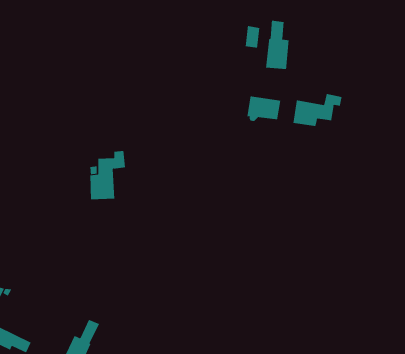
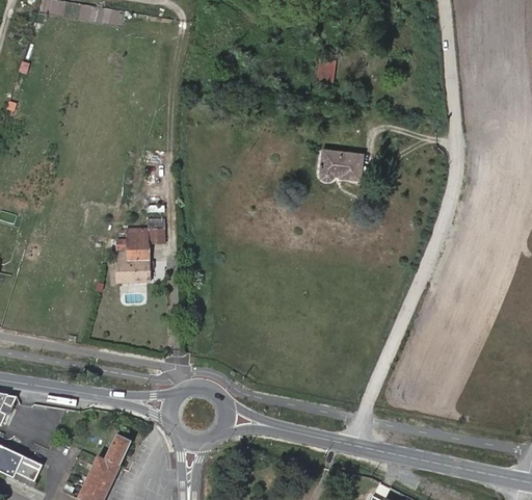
building: [265,20,289,70] -> none
building: [293,93,342,127] -> none

